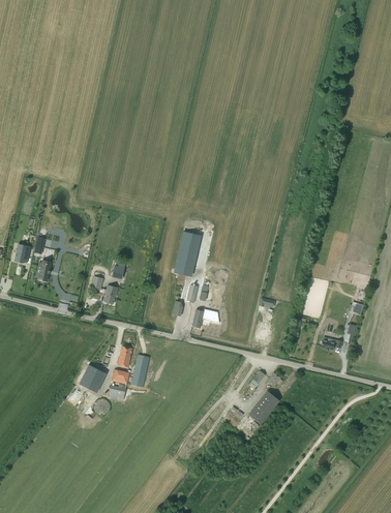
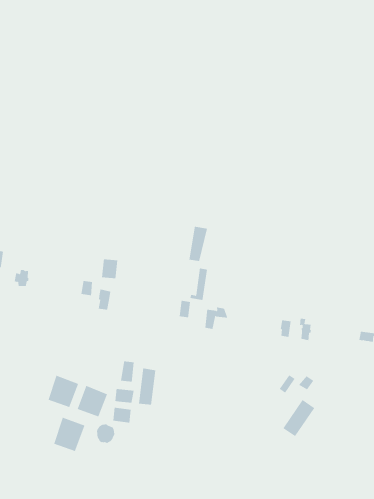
building: none -> [48,375,79,408]
building: none -> [53,417,85,452]

